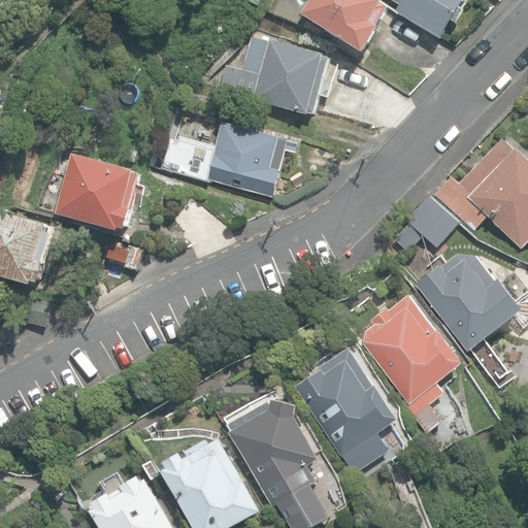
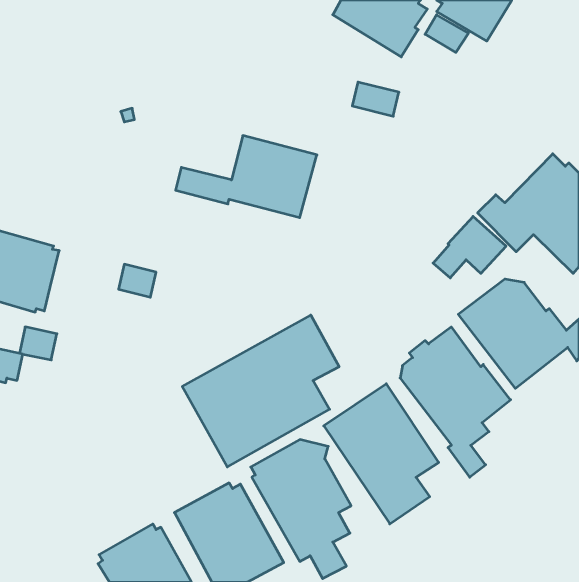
building: [218,38,326,116] -> none
building: [55,153,140,229] -> none
building: none -> [182,315,339,467]

